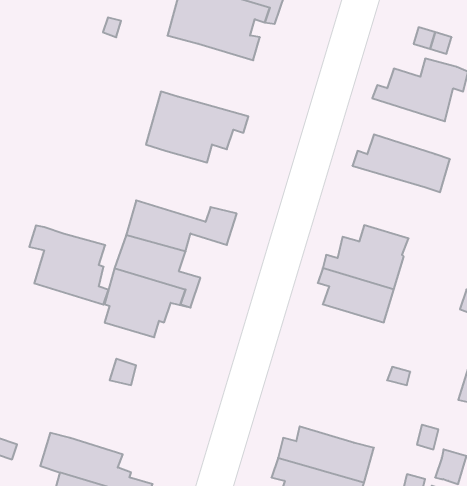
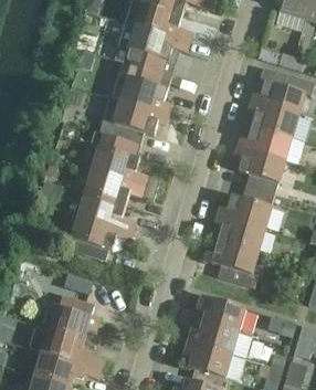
building: none -> [109,64,171,113]
building: none -> [249,101,299,138]
building: none -> [235,146,286,194]
building: [29,225,109,305] -> [89,130,143,183]
building: none -> [204,239,259,287]
building: none -> [49,294,99,339]
building: none -> [197,295,245,331]

